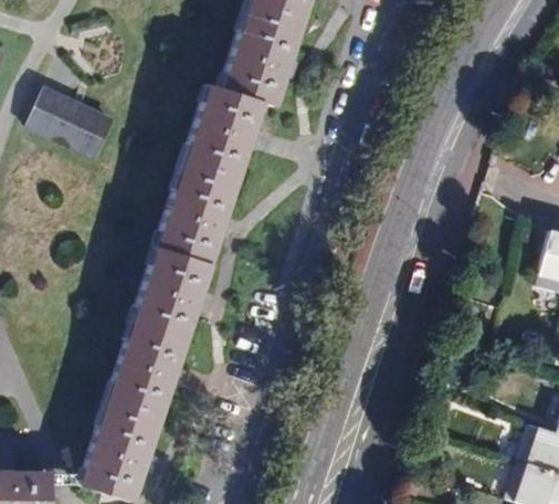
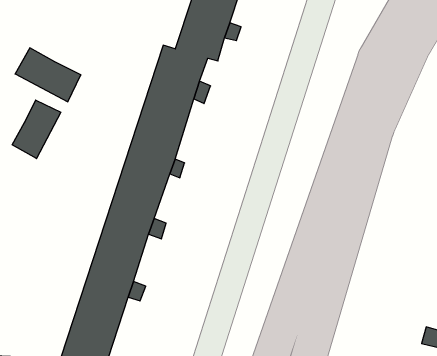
building: none -> [12,100,61,159]

